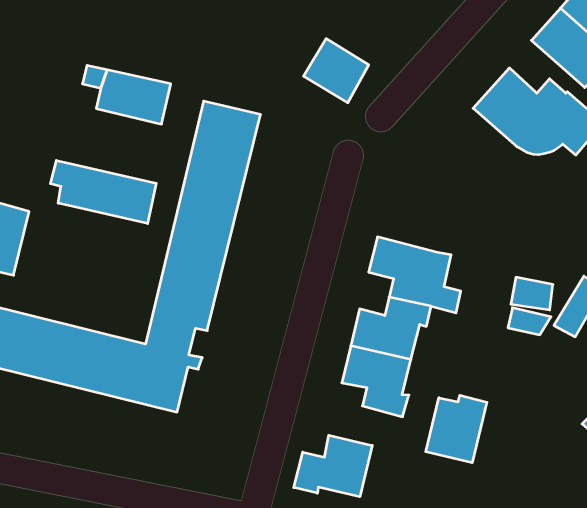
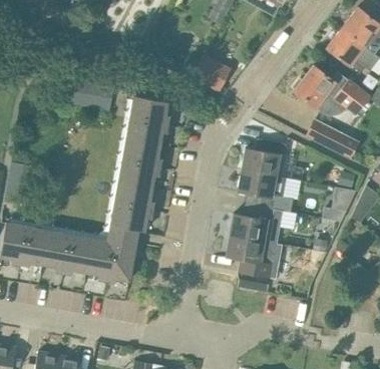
building: none -> [305,117,360,158]
building: [50,160,156,224] -> none
building: none -> [242,139,287,176]
building: [426,395,487,463] -> none
building: [294,435,372,497] -> none

